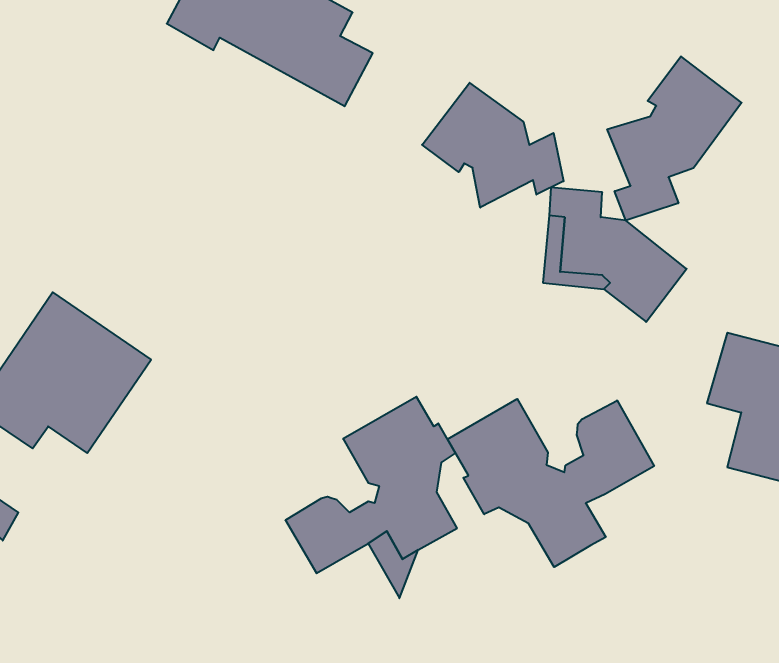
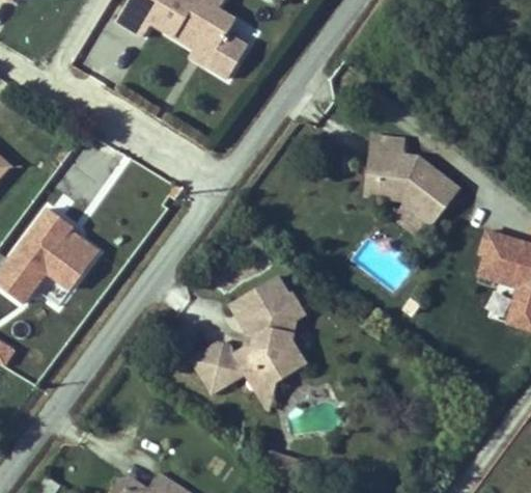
building: [607,56,742,220] -> none
building: [422,83,564,208] -> none
building: [448,399,654,567] -> none

